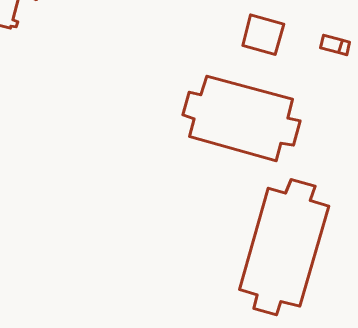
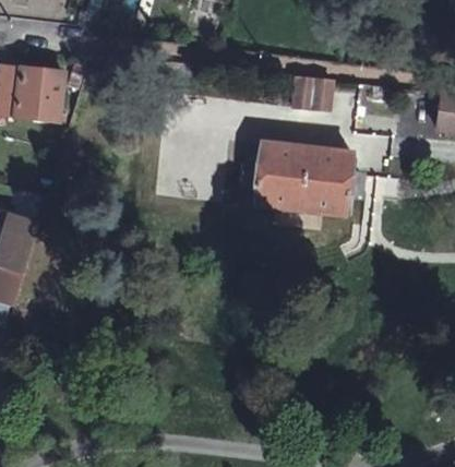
building: [240,179,329,315] -> none

